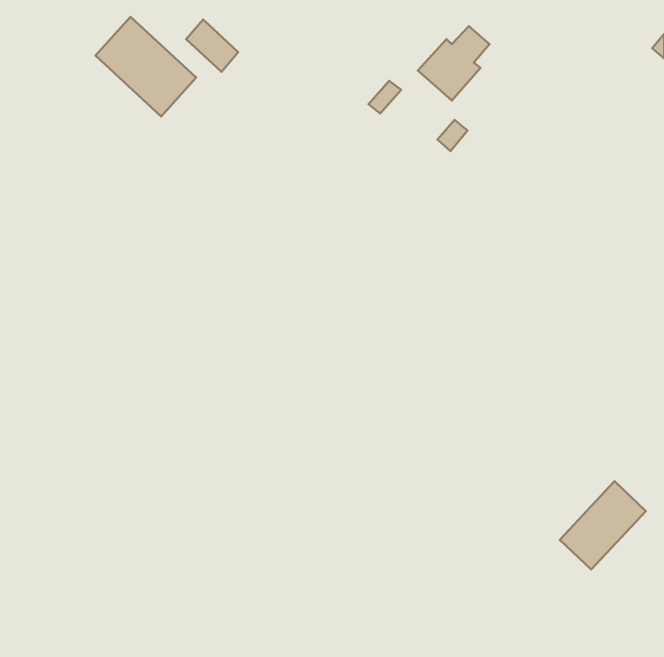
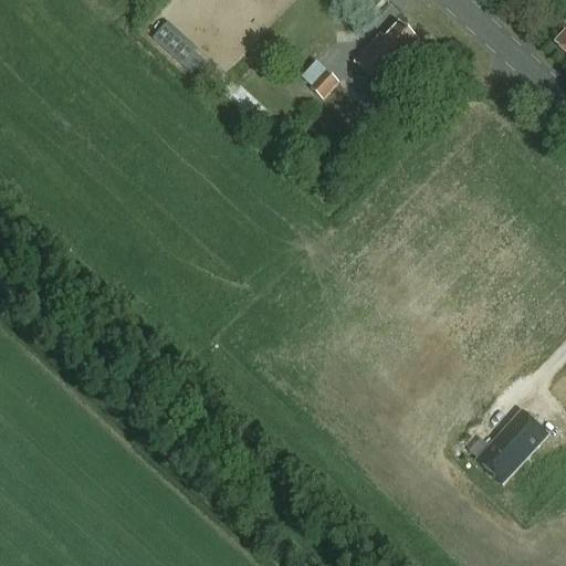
building: [96,17,196,116] -> none

